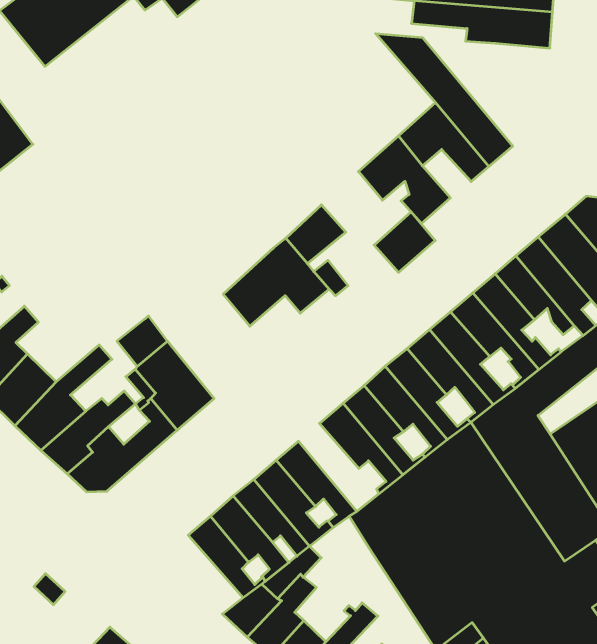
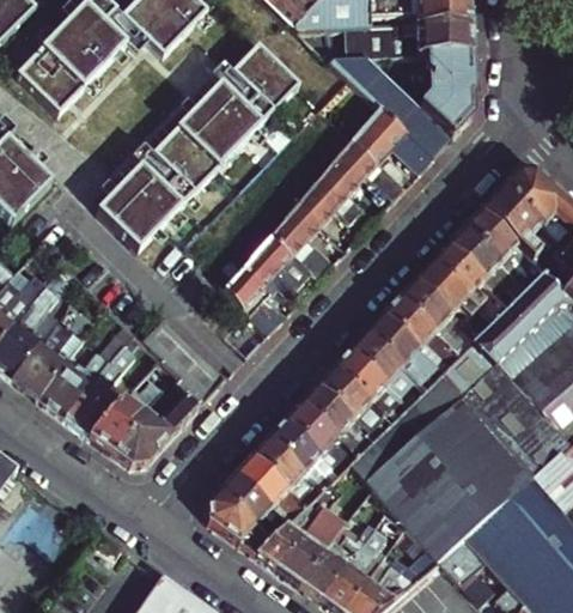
building: none -> [98,44,300,248]
building: none -> [365,50,473,135]
building: [374,212,435,272] -> [297,171,347,223]
building: none -> [300,384,372,454]
building: none -> [207,490,269,552]

